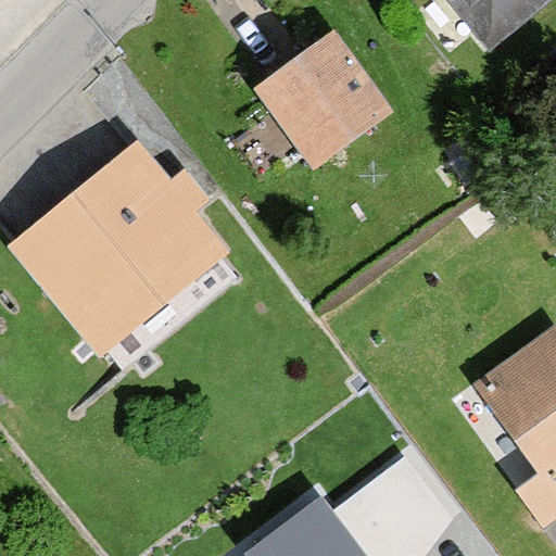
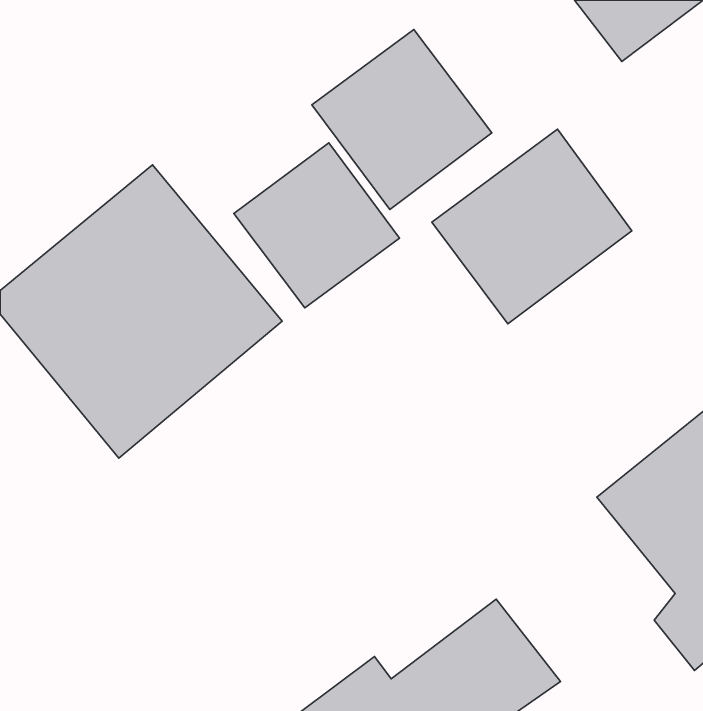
building: none -> [432,129,632,324]
building: none -> [234,143,399,308]

